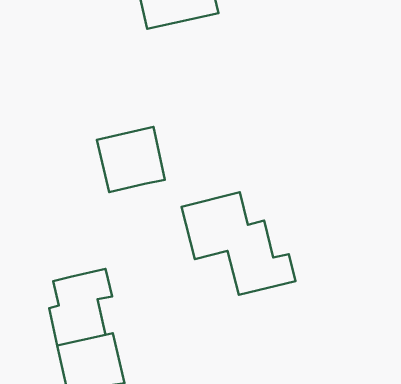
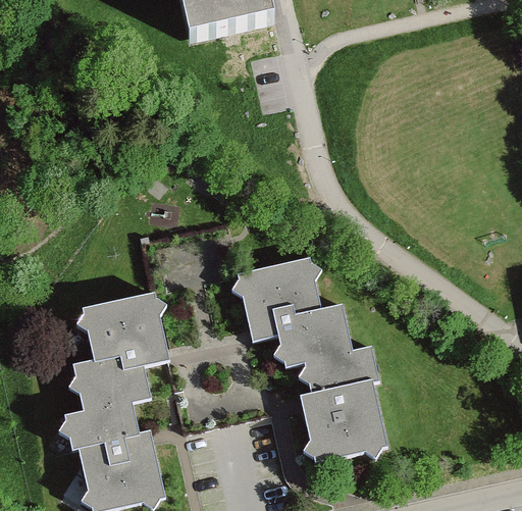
building: [97,127,165,192] -> [82,288,166,369]
building: none -> [300,378,386,462]

